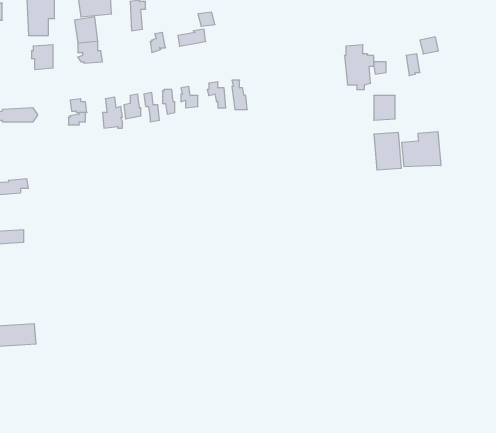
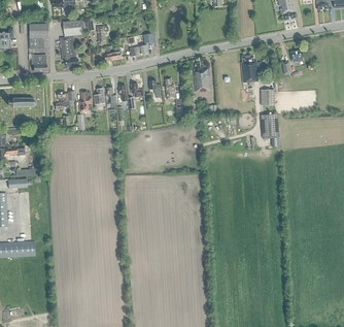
building: none -> [193,61,211,91]
building: [402,132,441,167] -> none

